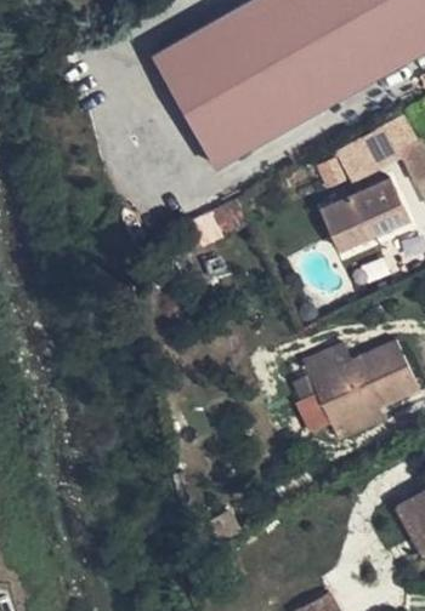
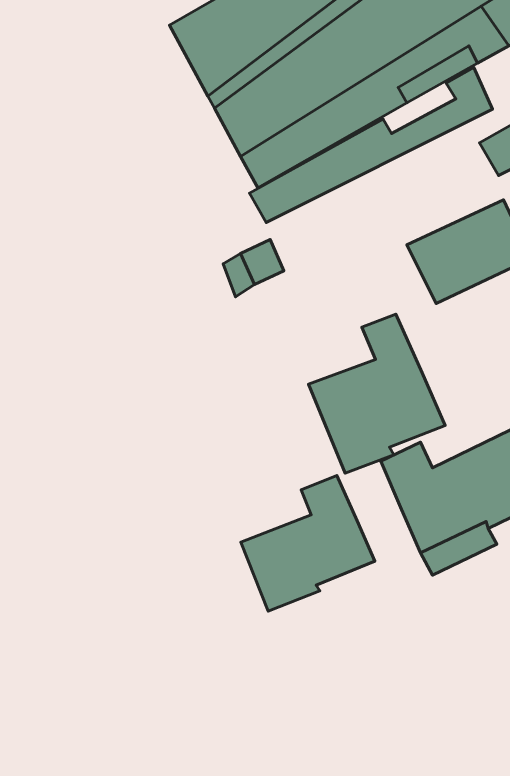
building: none -> [249,68,493,223]
building: none -> [309,314,445,473]
building: none -> [241,476,375,611]

